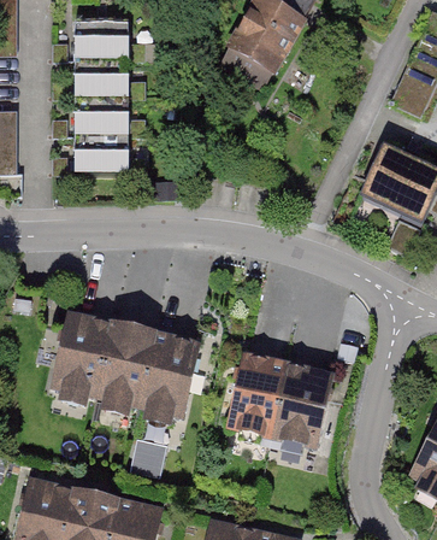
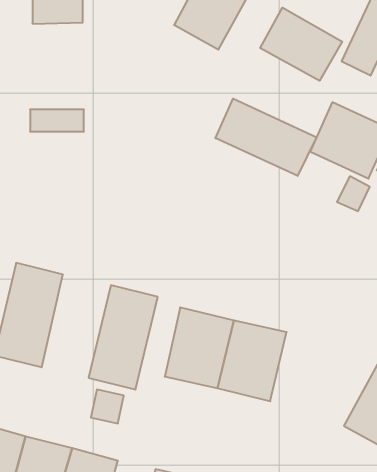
building: none -> [260,8,342,81]
building: [73,71,130,96] -> none
building: [73,106,132,135] -> none
building: none -> [215,99,317,176]
building: [85,318,157,424] -> none

